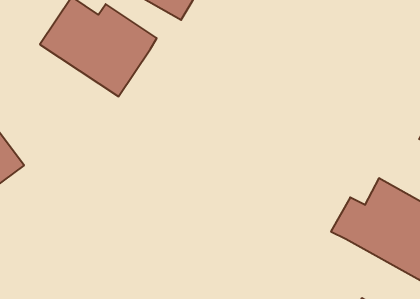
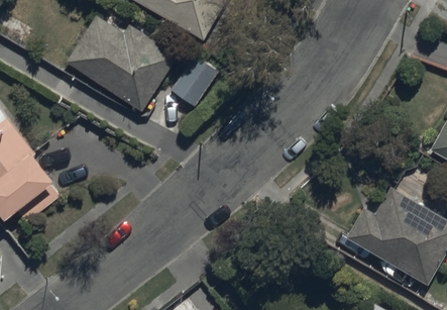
building: none -> [170,54,220,108]

